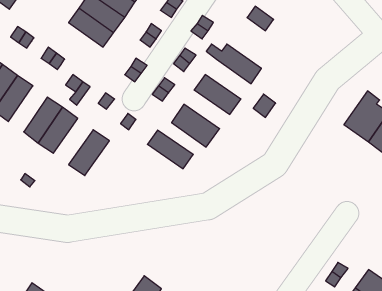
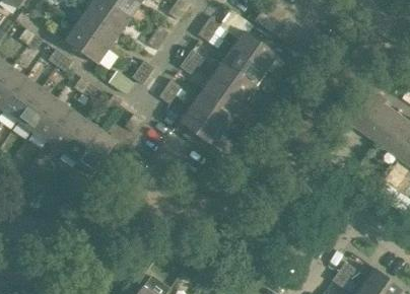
building: none -> [64,23,111,65]
building: none -> [233,30,278,69]
building: none -> [212,60,258,99]
building: none -> [16,86,55,132]
building: none -> [61,119,100,164]
building: [147,130,193,169] -> [191,90,236,129]

